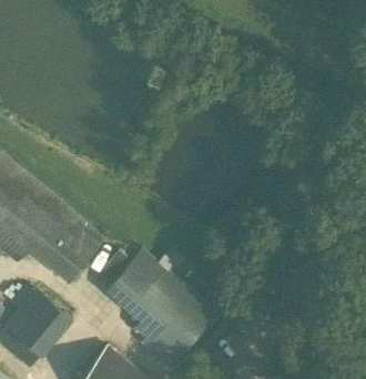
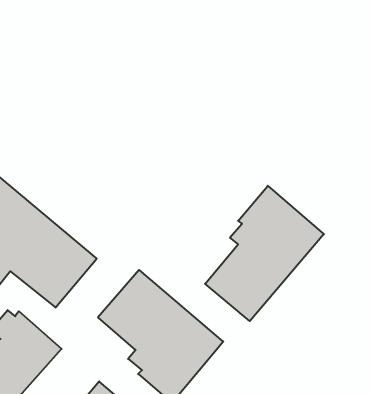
building: none -> [205,186,324,321]

